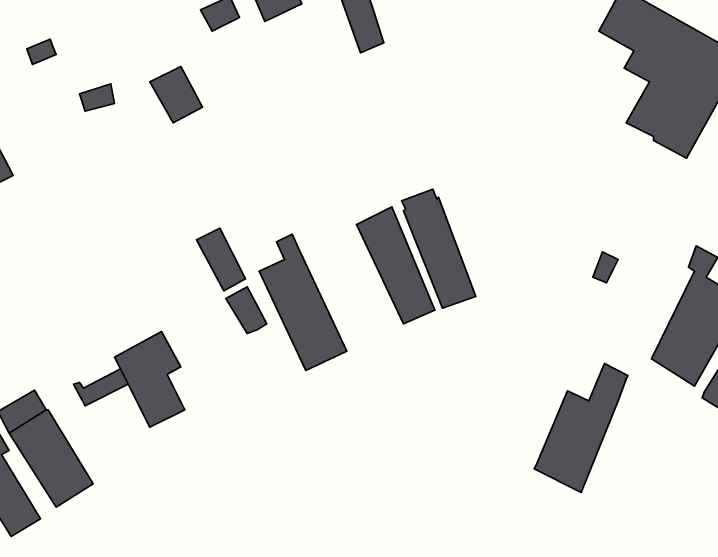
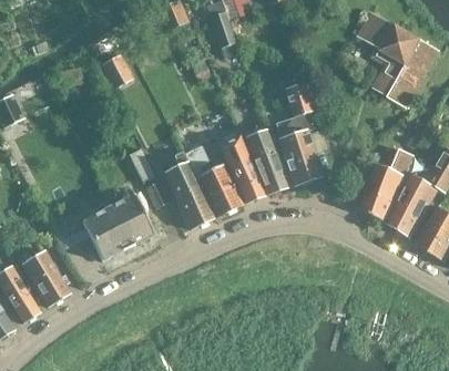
building: none -> [274,83,320,185]
building: none -> [184,145,242,217]
building: none -> [108,194,153,250]
building: [534,364,628,492] -> [359,148,412,221]

